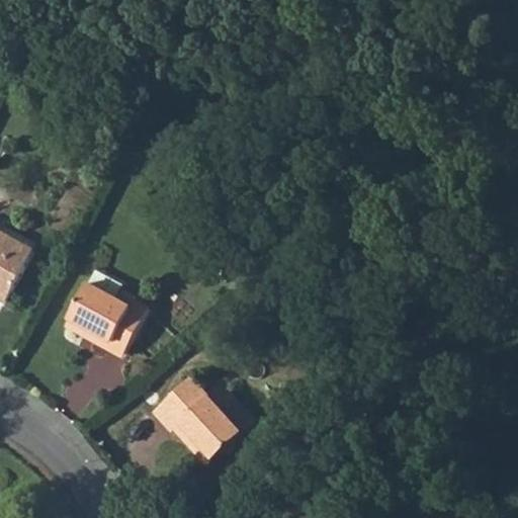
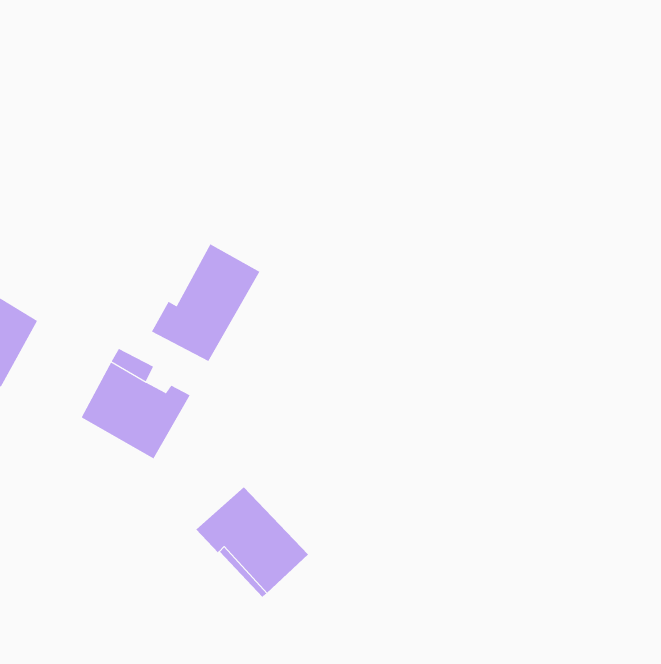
building: none -> [151,244,260,362]

